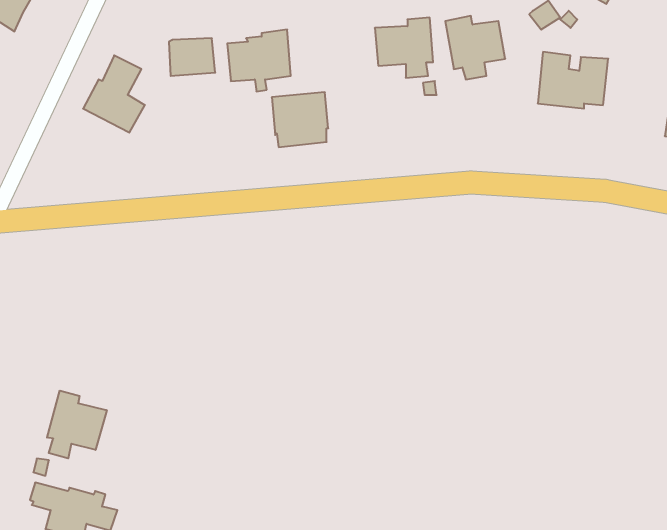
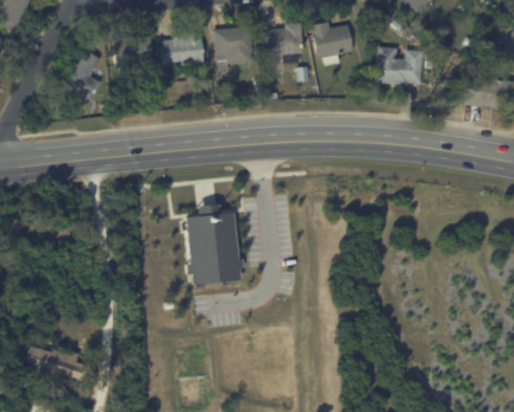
building: [272,92,328,147] -> [214,26,253,64]
building: none -> [182,202,242,281]
building: [47,391,107,458] -> none

